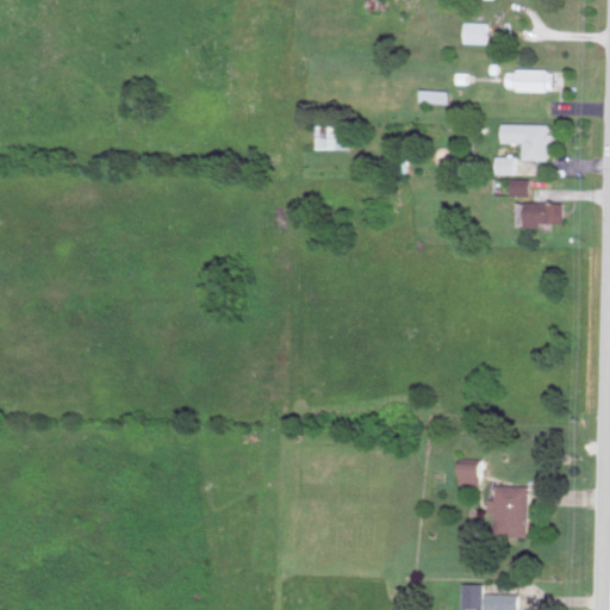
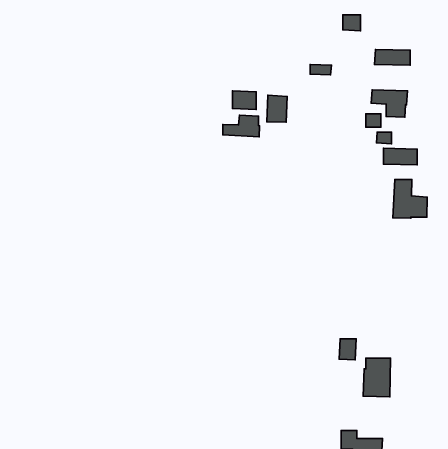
building: none -> [267,95,287,122]
building: none -> [223,115,259,137]
building: none -> [393,179,427,218]

